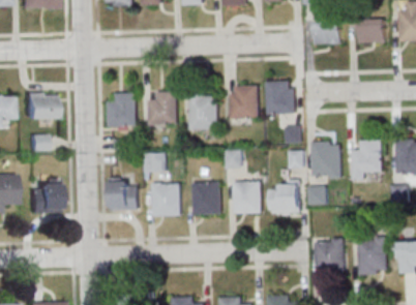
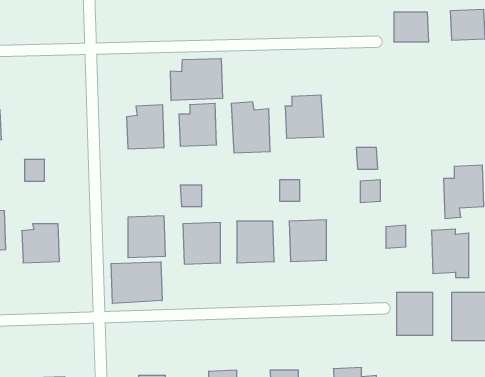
building: none -> [171,58,223,101]
building: [266,82,296,115] -> none
building: [24,93,54,120] -> none
building: [311,142,340,179] -> [431,229,469,277]
building: [271,180,301,214] -> none
building: none -> [111,262,162,304]

